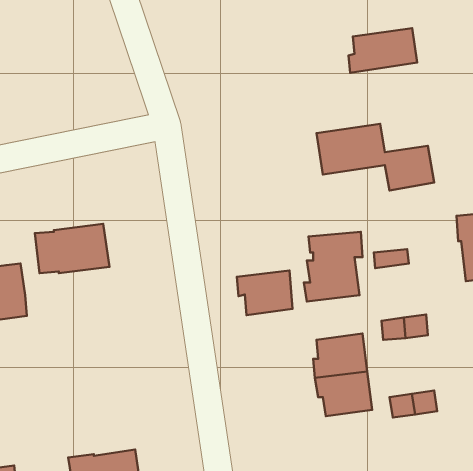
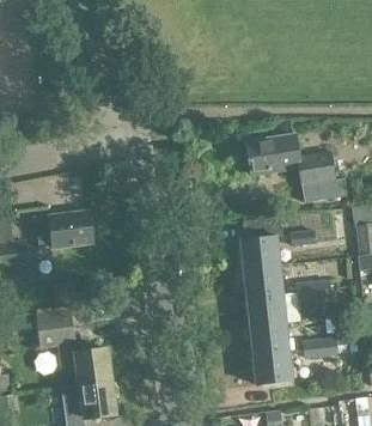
building: [349,28,417,73] -> none
building: [237,271,293,315] -> [240,266,282,299]
building: none -> [36,309,111,387]
building: none -> [250,352,293,385]

